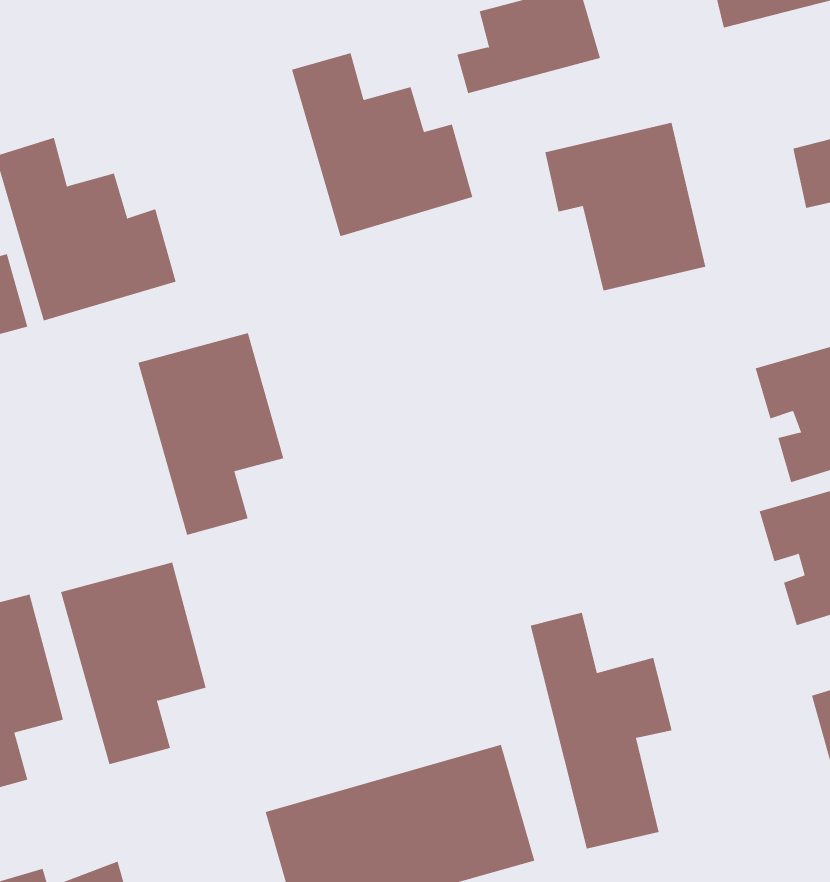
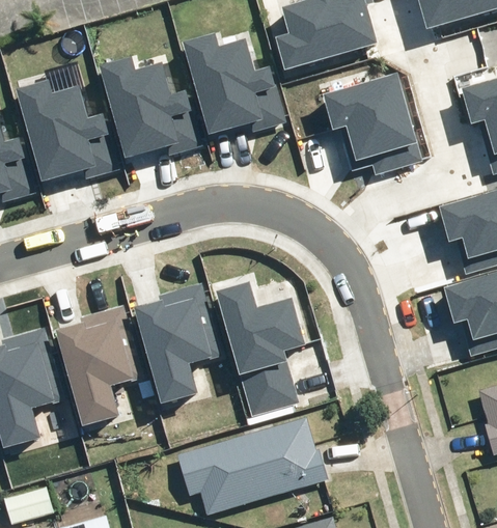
building: none -> [104,60,204,161]
building: [138,332,284,535] -> [136,290,217,402]
building: [530,612,673,849] -> [219,277,298,408]

